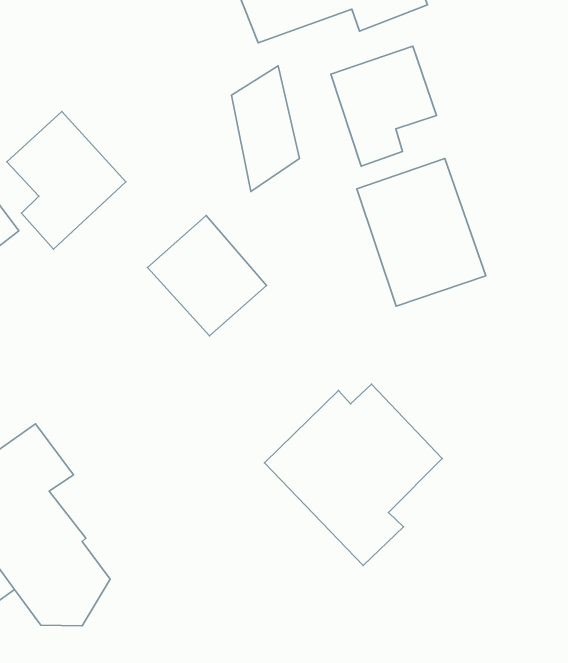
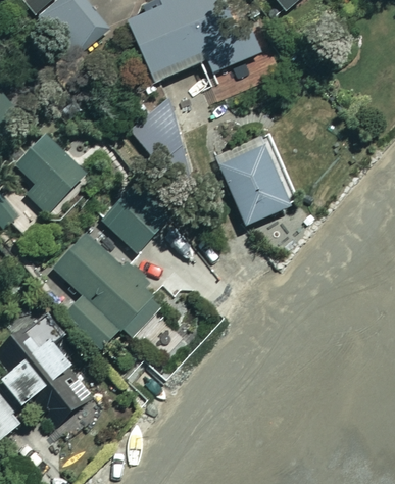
building: [331,46,436,166] -> none
building: none -> [51,231,160,347]
building: [265,384,442,565] -> none

